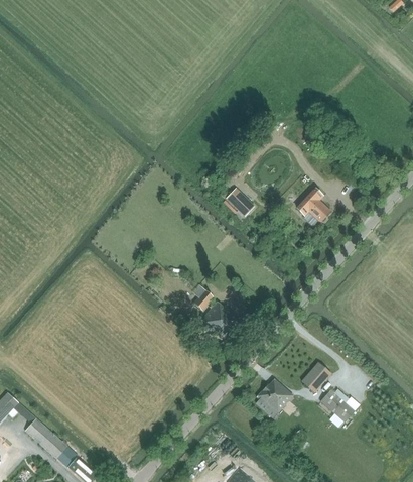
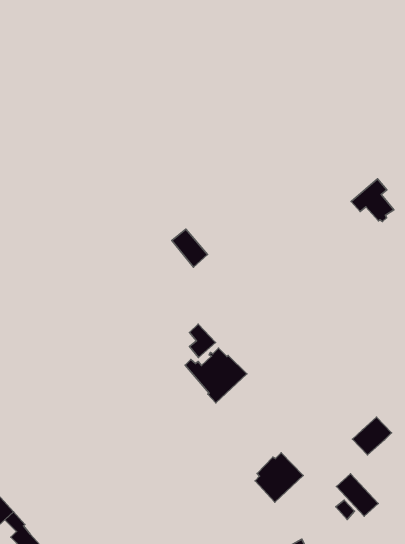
building: [220,187,249,216] -> [172,229,208,267]
building: [297,189,331,222] -> [351,179,394,221]
building: [302,362,332,392] -> [352,417,391,455]

